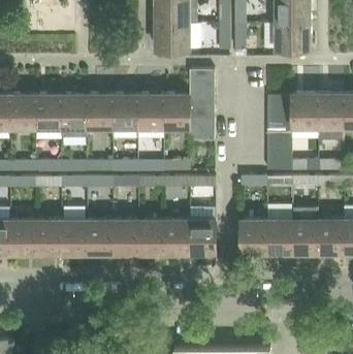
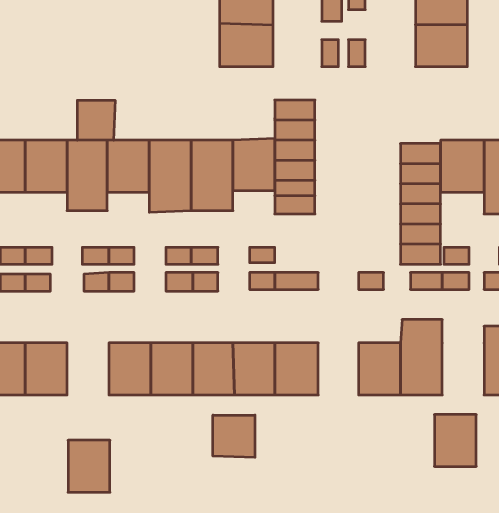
building: none -> [77,100,115,140]
building: [61,219,87,251] -> [68,440,110,492]
building: [292,219,318,251] -> [434,415,476,466]
building: none -> [213,415,255,457]

